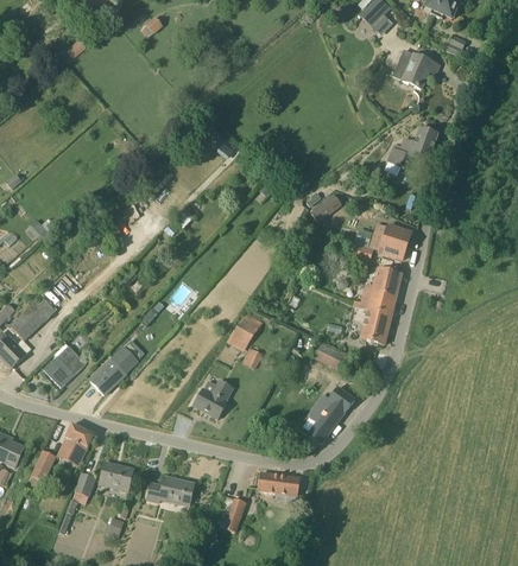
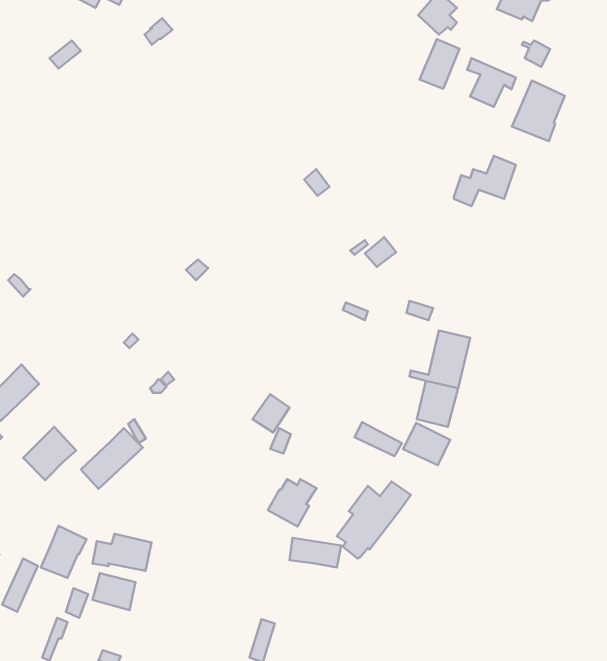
building: none -> [419,39,459,89]
building: none -> [512,80,565,141]
building: [379,224,411,259] -> none
building: none -> [403,423,450,465]
building: [194,380,233,418] -> [268,479,317,527]
building: [258,472,299,496] -> [289,538,341,568]
building: [146,476,194,505] -> [92,534,152,571]

